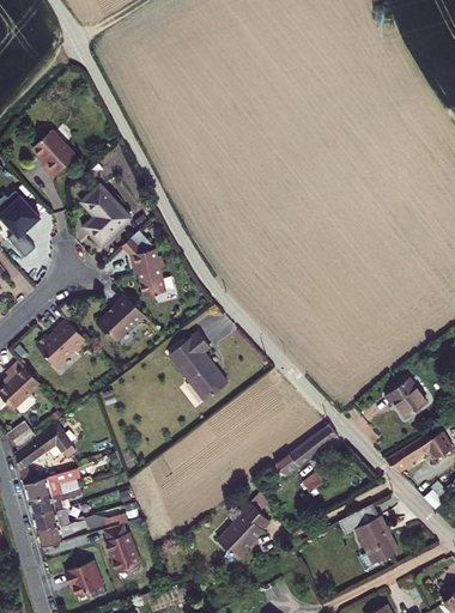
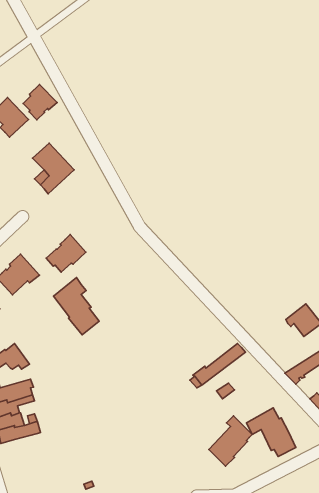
building: none -> [23,85,57,120]
building: [131,247,166,296] -> none
building: [171,330,226,400] -> [54,278,99,335]
building: [218,499,271,560] -> [209,416,252,466]
building: [104,522,141,572] -> none
building: [65,559,107,599] -> none

